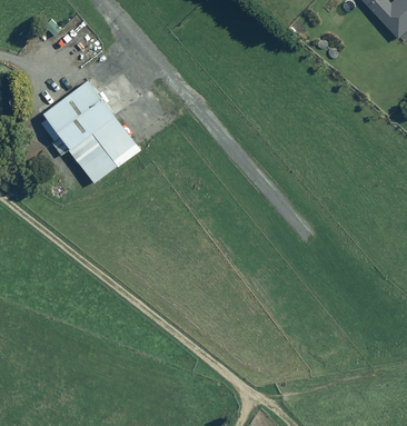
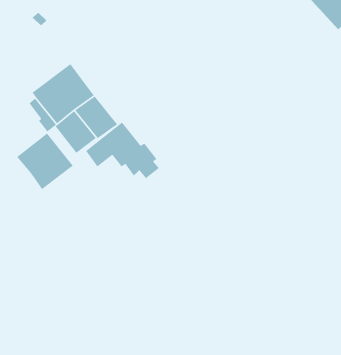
building: none -> [85,121,160,179]
building: none -> [16,132,74,190]

